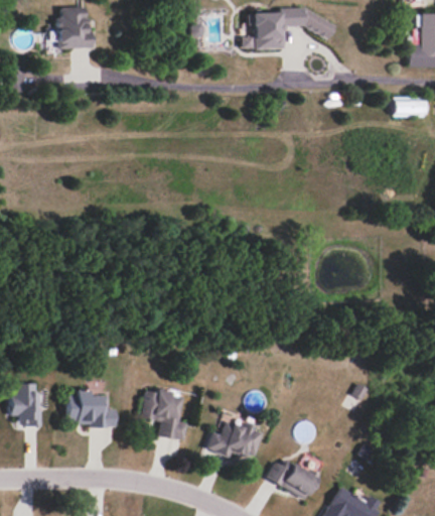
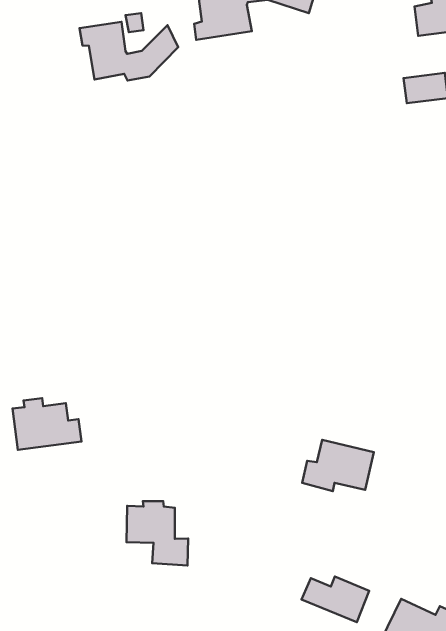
building: none -> [80,22,178,81]
building: [68,390,117,426] -> [12,398,82,450]
building: [207,418,264,460] -> [302,440,374,491]

